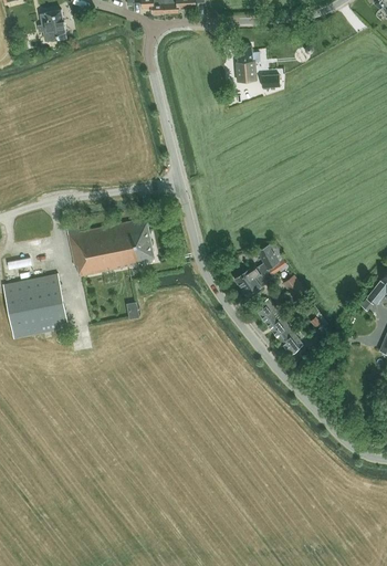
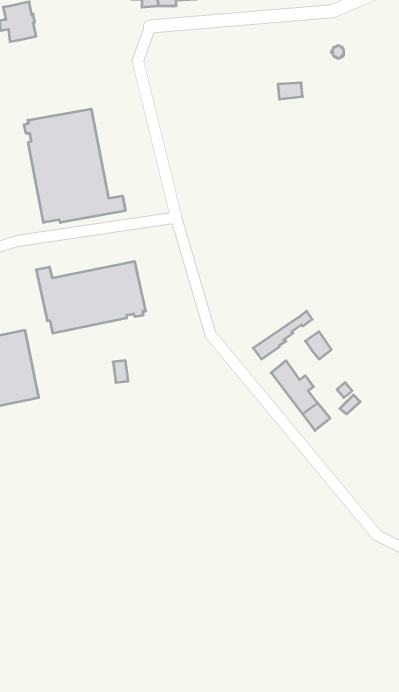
building: [237,44,260,81] -> none
building: none -> [24,109,125,223]
building: [236,244,279,287] -> none

